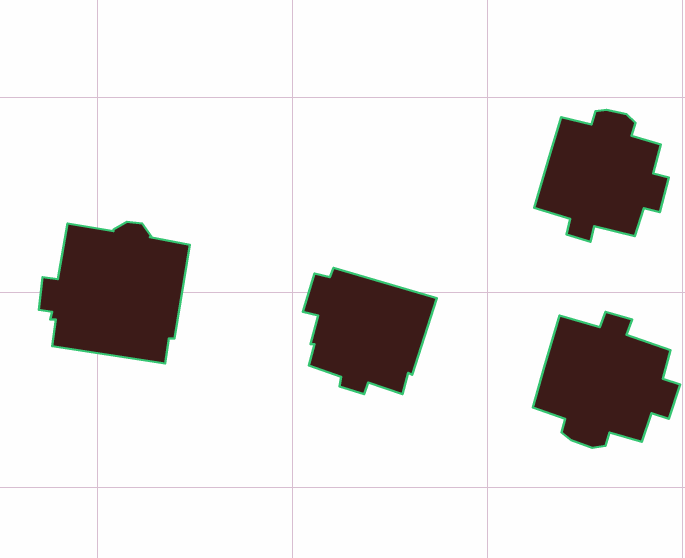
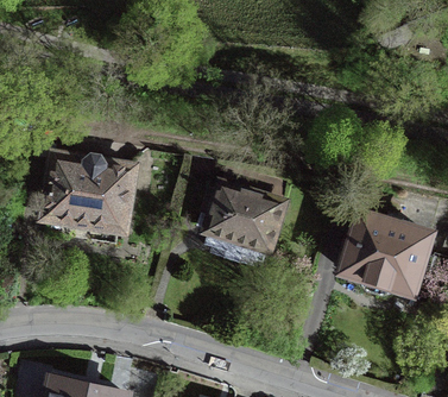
building: [534,110,669,242] -> none

